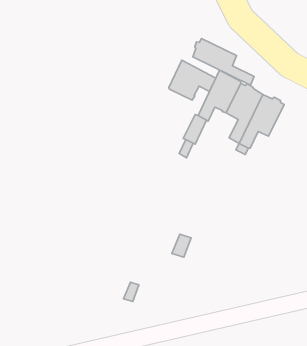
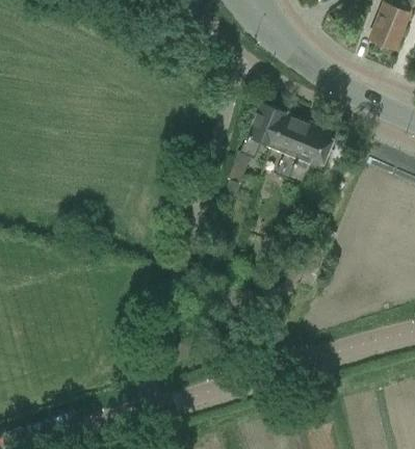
building: [193,39,254,85] -> none
building: [169,60,216,100] -> none

